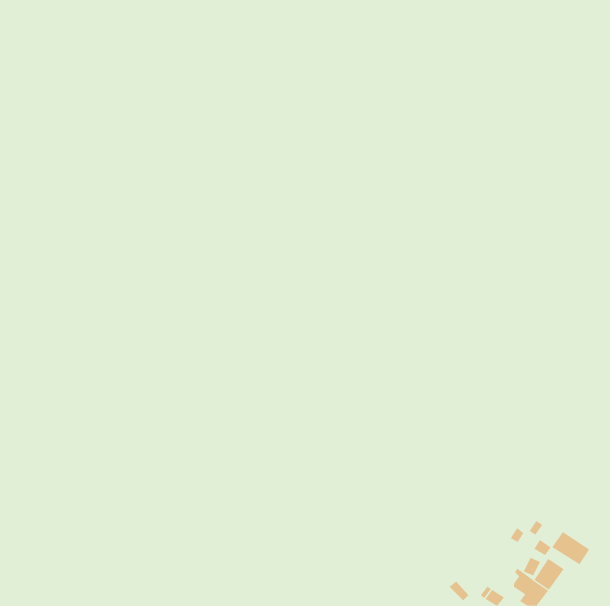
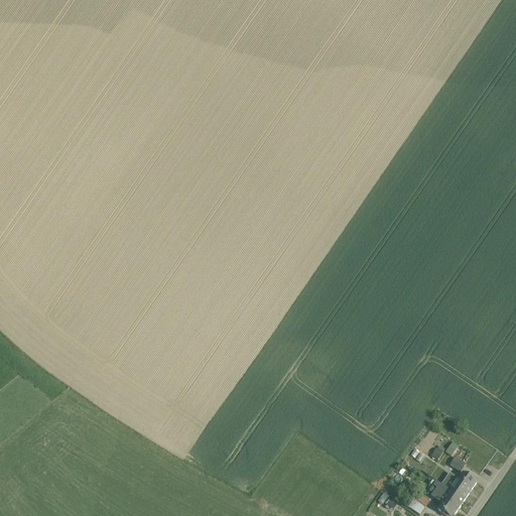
building: [552,531,590,565] -> none

